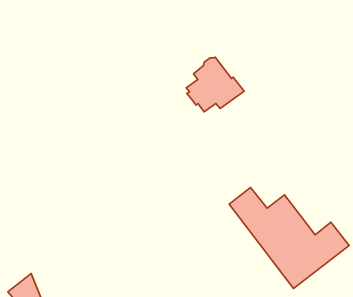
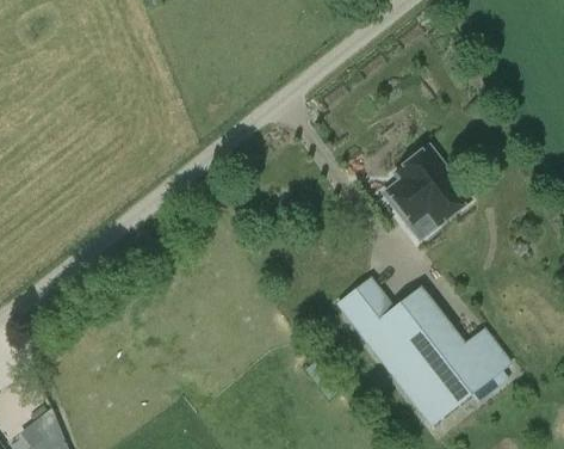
building: [186,57,244,112] -> [385,146,469,224]

